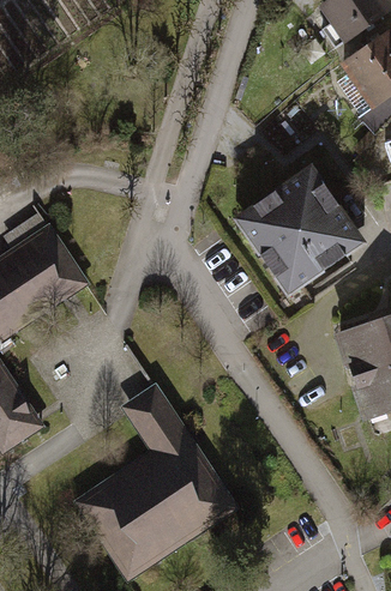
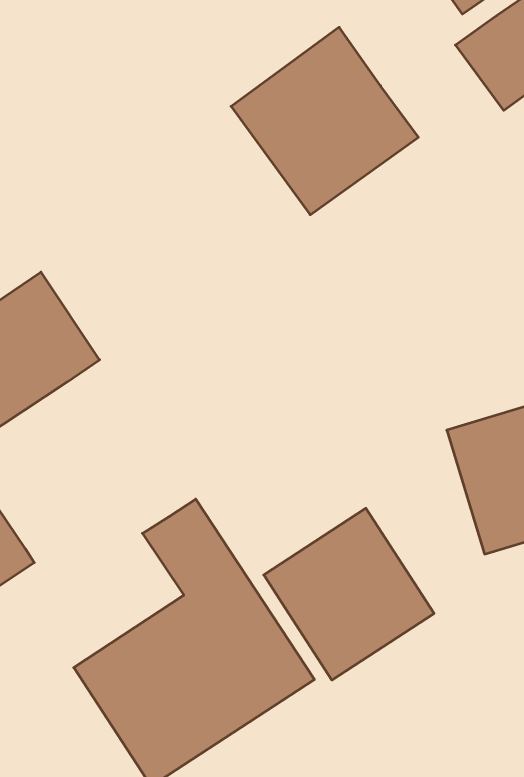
building: [231,164,362,295] -> [231,27,418,215]
building: none -> [264,508,434,680]

